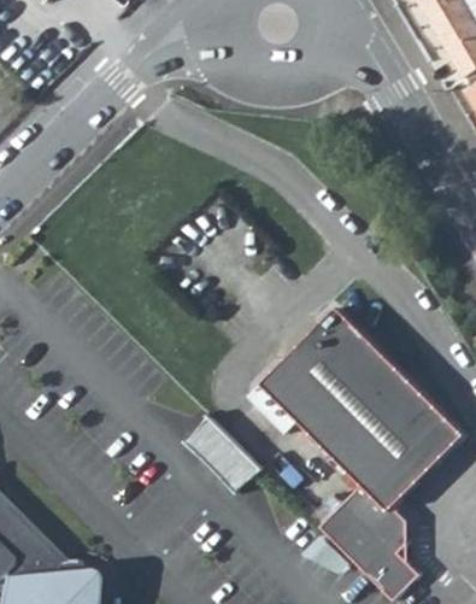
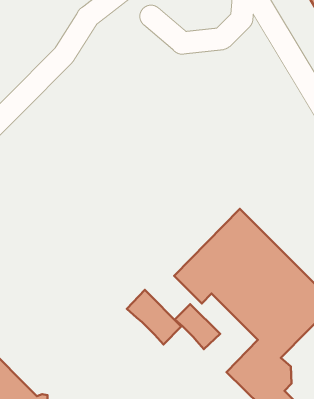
building: none -> [175,304,220,349]

